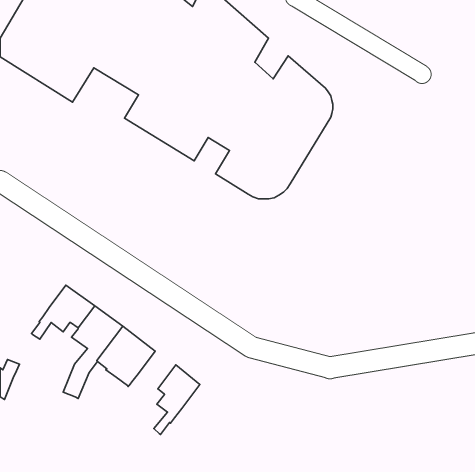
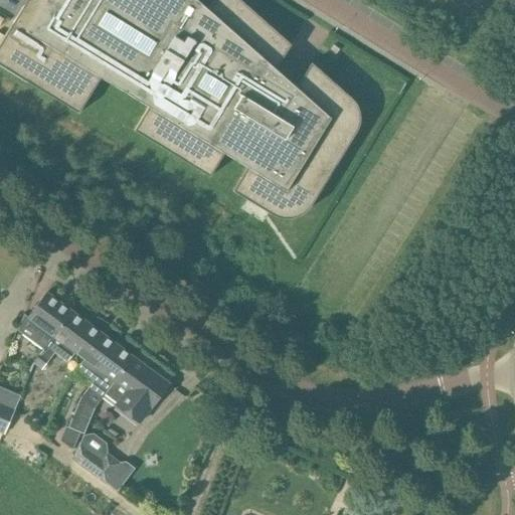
building: none -> [27,289,71,343]
building: [154,365,200,434] -> none
building: none -> [72,439,123,482]

